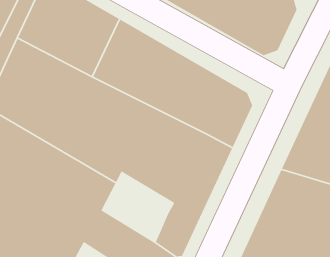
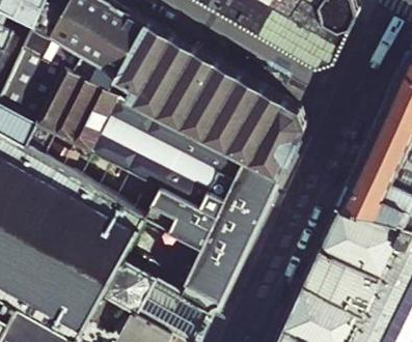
building: none -> [126,206,210,289]

